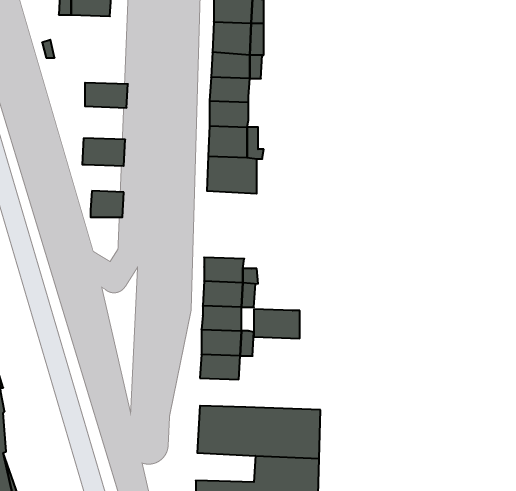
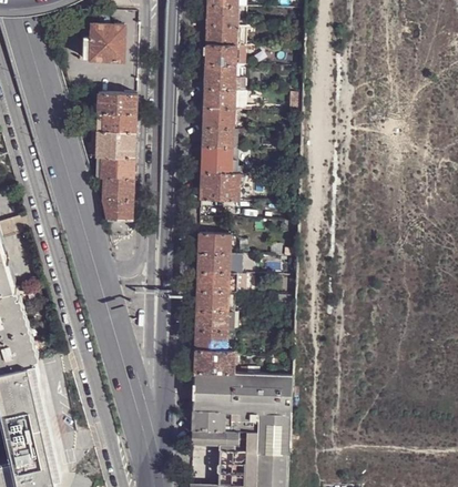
building: none -> [98,93,136,114]
building: none -> [95,132,135,159]
building: none -> [102,179,133,201]
building: none -> [197,233,230,254]
building: [254,309,300,338] -> [194,349,231,373]
building: none -> [191,409,238,433]

